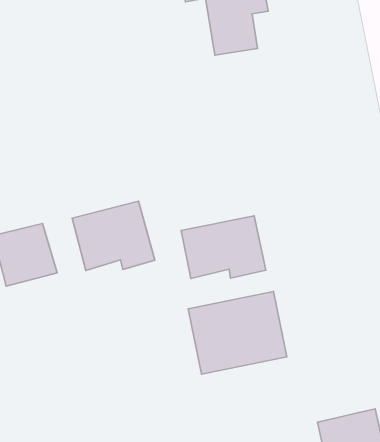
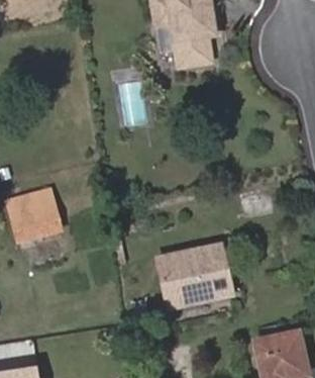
building: [72,201,155,271] -> none
building: [181,216,266,278] -> none

